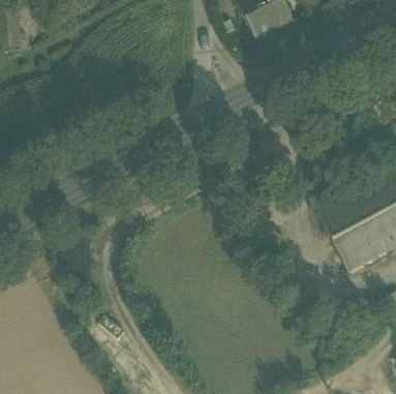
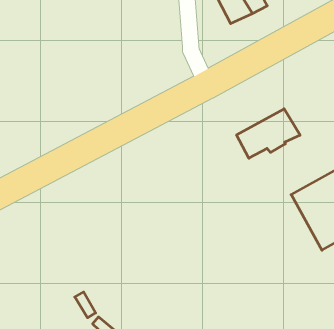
building: none -> [237,109,300,158]

